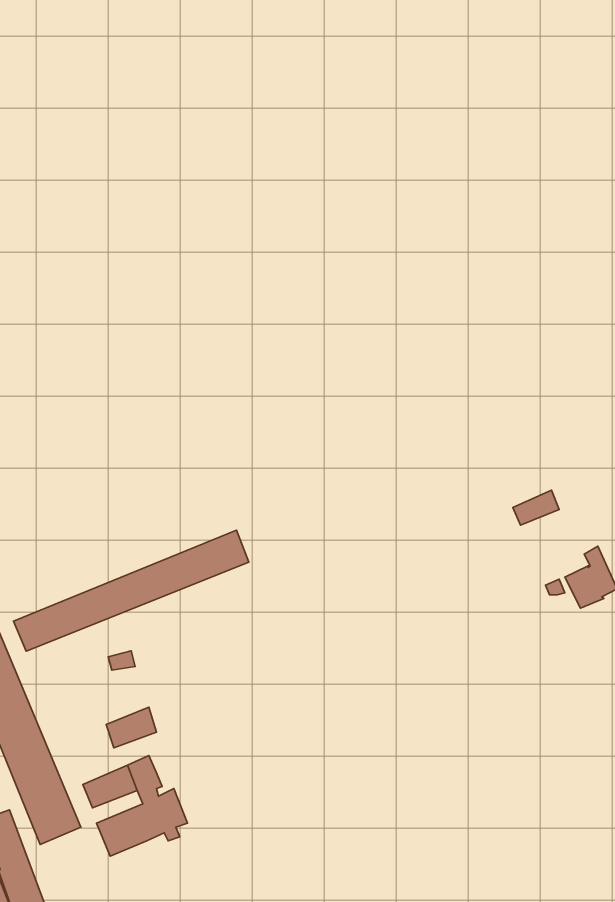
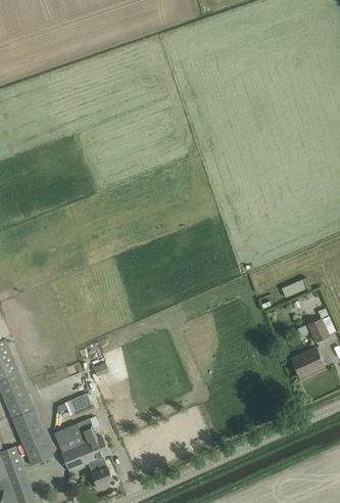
building: [14,530,249,651] -> none
building: none -> [292,348,323,377]
building: none -> [87,459,112,488]

